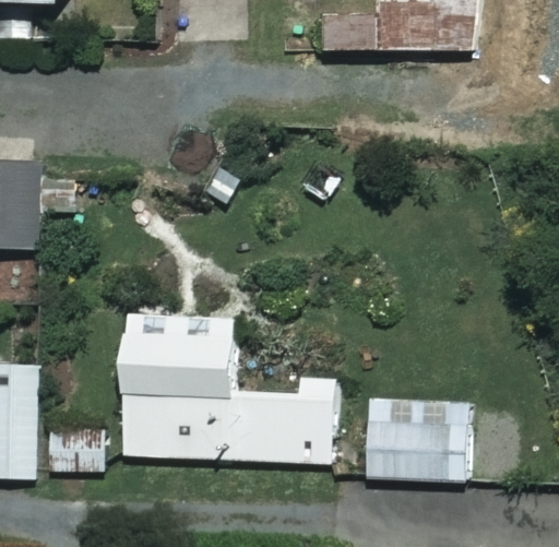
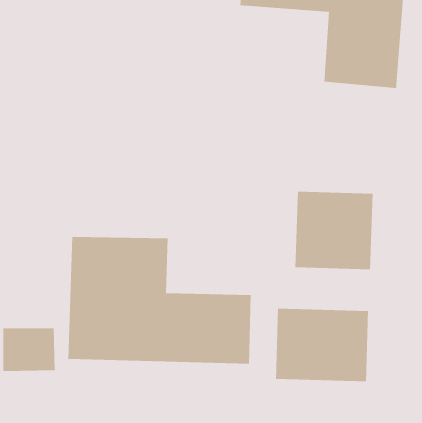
building: none -> [295,191,373,270]

